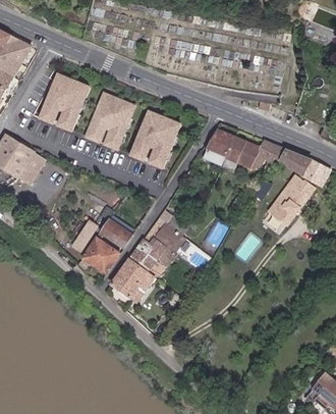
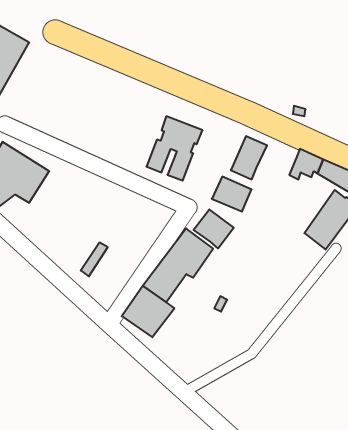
building: [40,74,89,131] -> none
building: [85,93,134,149] -> none
building: [226,137,261,167] -> [212,177,252,212]
building: none -> [194,209,234,248]
building: [83,219,130,271] -> none

